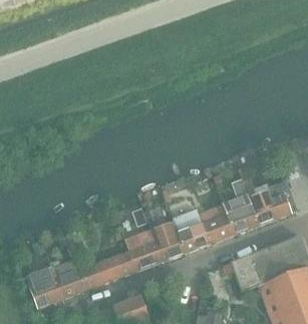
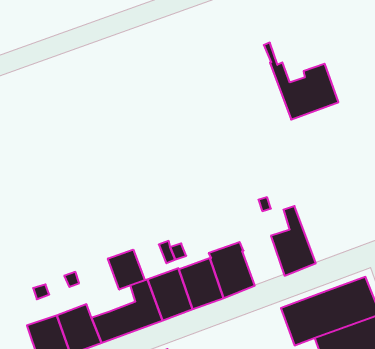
building: [237,163,297,225] -> [264,43,338,120]
building: [200,203,234,243] -> none
building: none -> [108,250,145,290]

